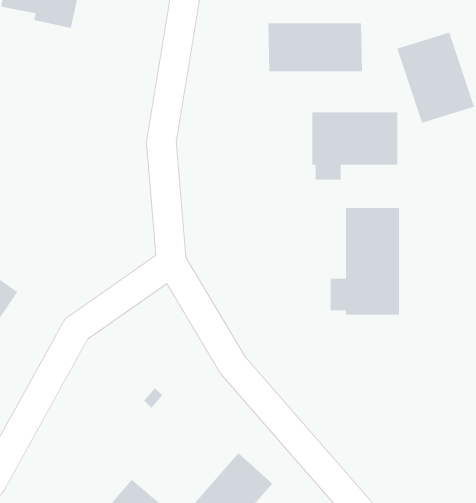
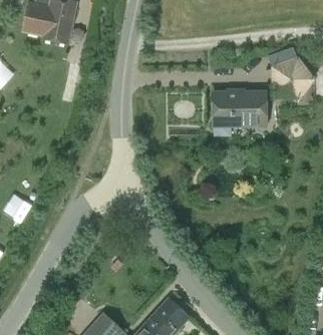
building: [268,22,363,72] -> none
building: [330,207,400,315] -> none

